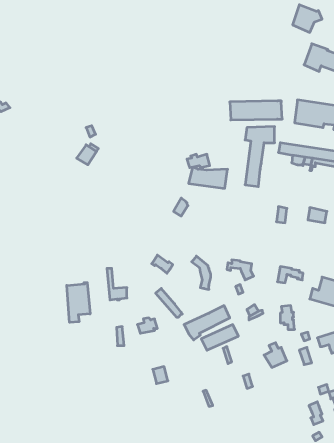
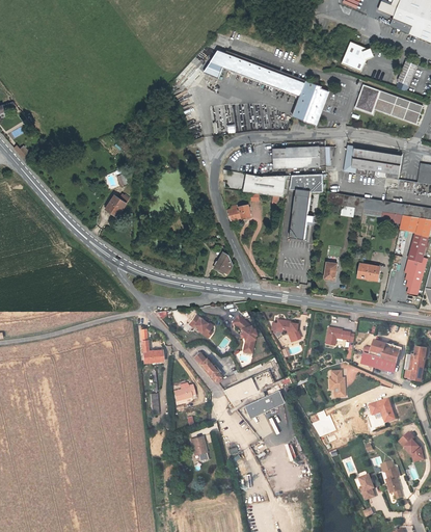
building: none -> [203,50,328,126]
building: [189,167,228,188] -> [243,174,286,196]
building: [67,283,90,322] -> none

